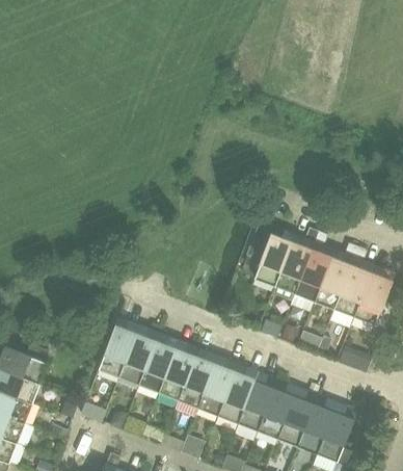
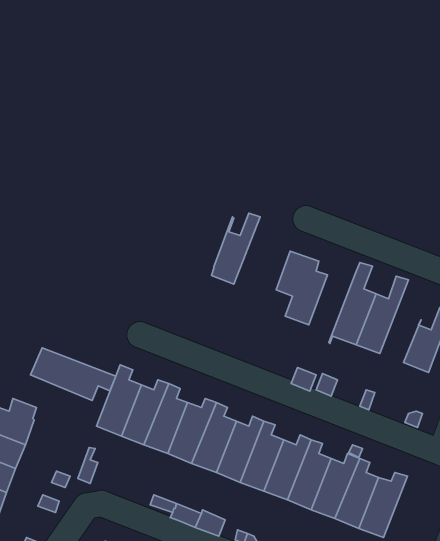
building: [273,239,314,298] -> [211,213,260,284]
building: [330,246,371,329] -> none
building: none -> [30,348,116,400]

